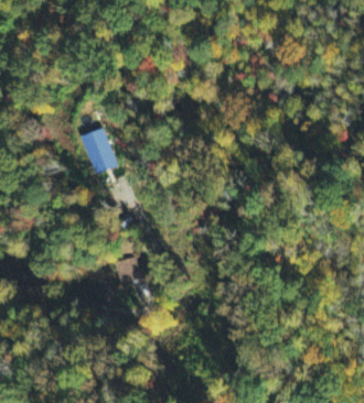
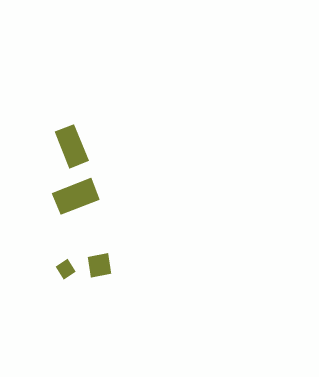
building: none -> [50,176,101,216]

